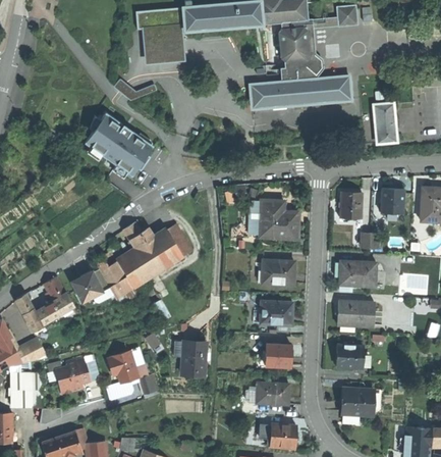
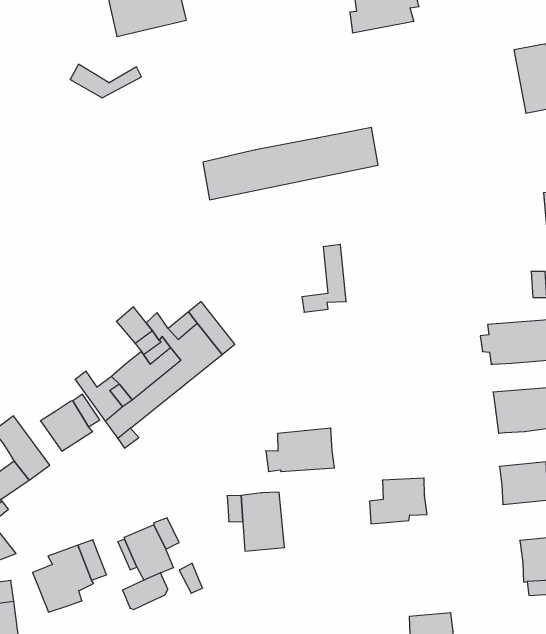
building: [252,75,353,105] -> [203,127,378,200]
building: [90,117,152,174] -> none
building: [339,191,362,218] -> none
building: [259,201,295,239] -> none
building: [261,260,294,285] -> none
building: [253,301,292,325] -> [266,428,334,472]
building: [256,382,288,404] -> none

